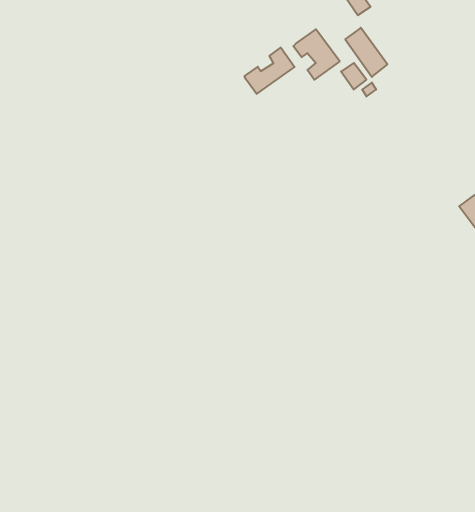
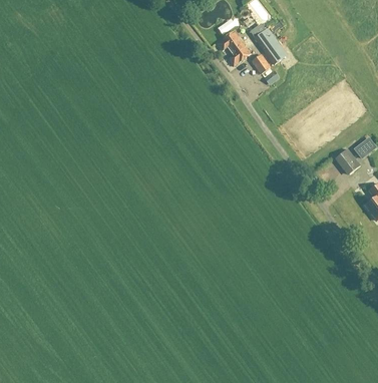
building: [245,48,295,94] -> none

